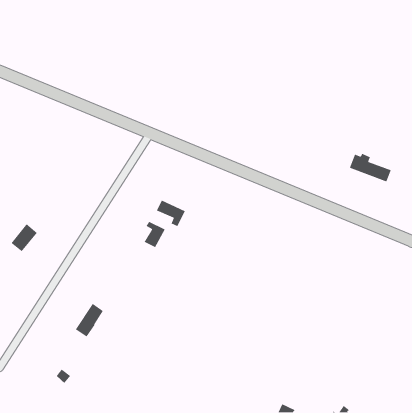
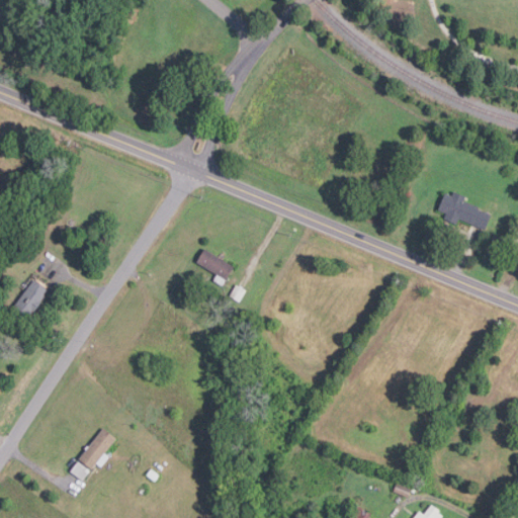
building: [144,221,166,248] -> none
building: [75,303,104,337] -> [79,427,115,470]

